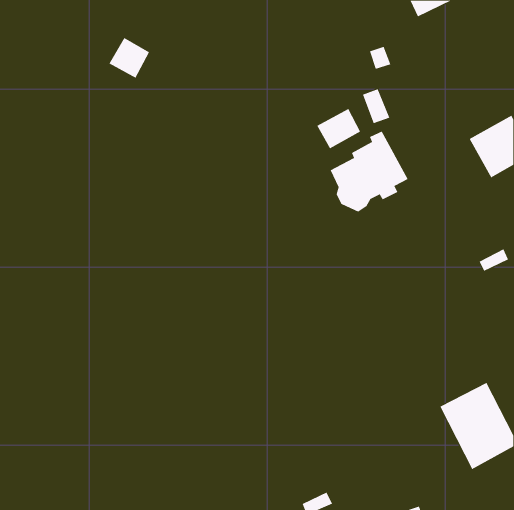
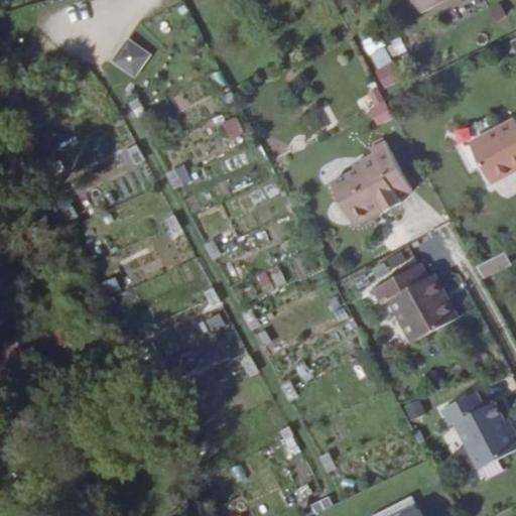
building: [316,108,361,149] -> none
building: none -> [376,260,458,338]

